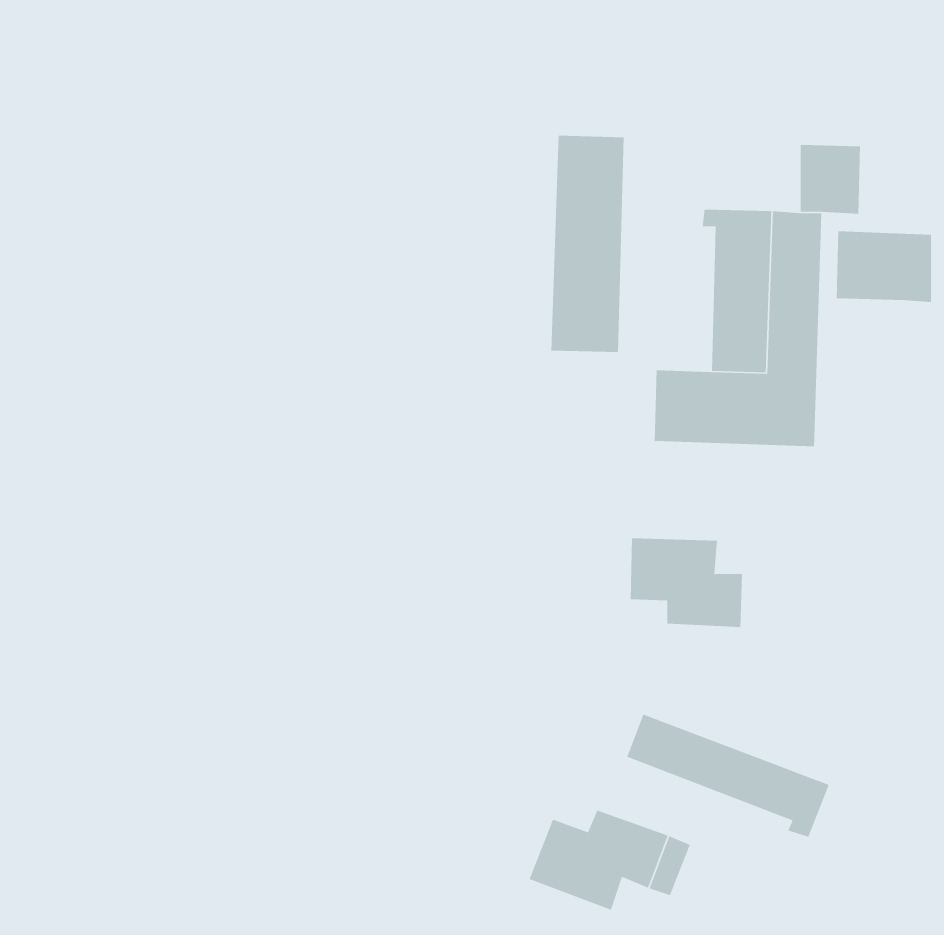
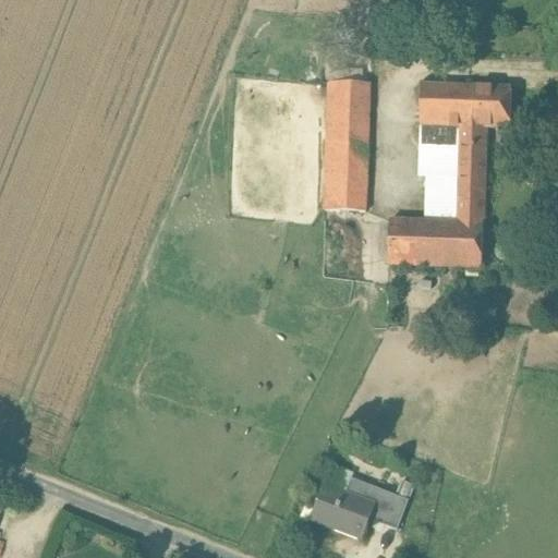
building: [836,231,932,303] -> [415,83,472,125]
building: [630,537,743,628] -> none
building: [626,714,830,838] -> none

